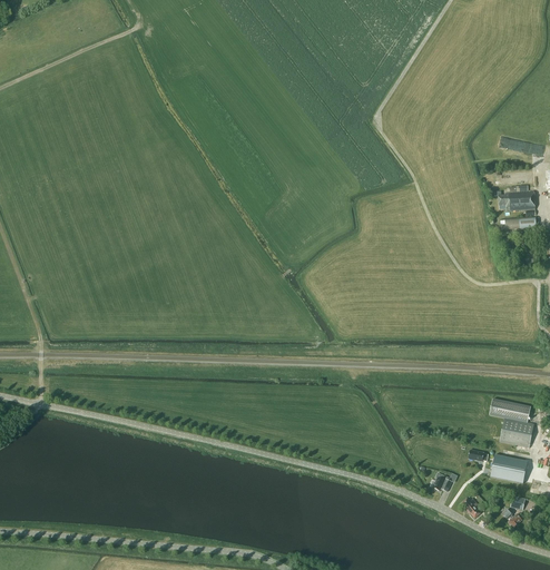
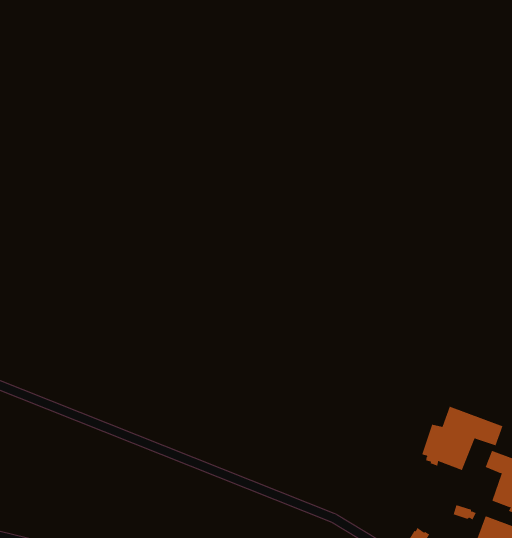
building: none -> [421,406,503,471]

